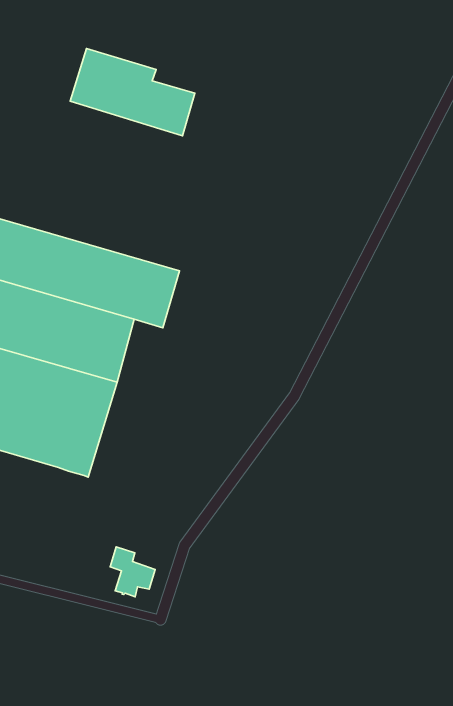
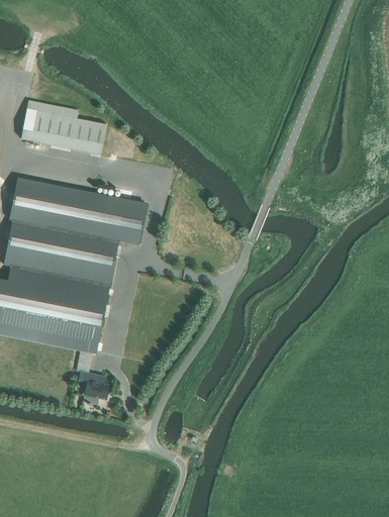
building: [70,49,195,136] -> [20,100,106,154]
building: [110,547,155,597] -> [78,372,109,405]

